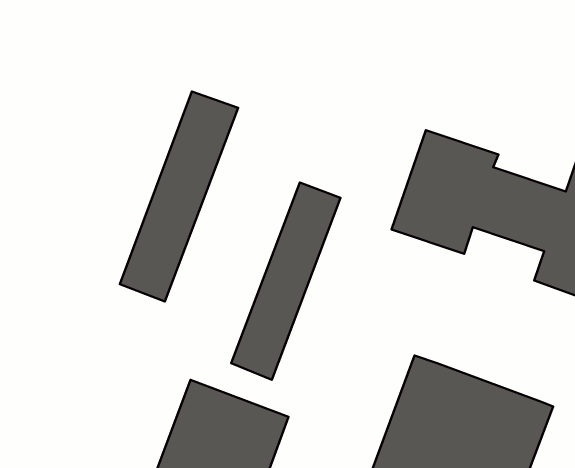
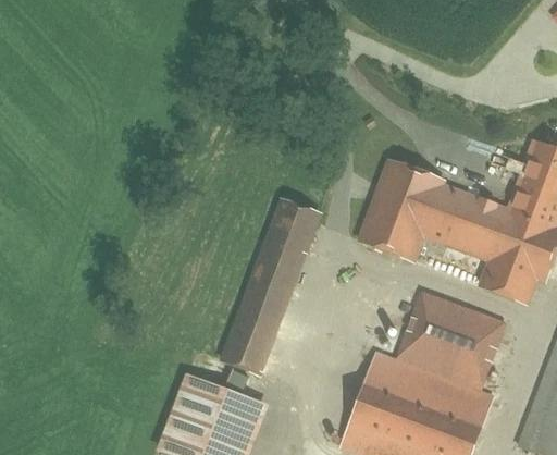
building: [120,92,238,301] -> none
building: none -> [397,287,510,390]

